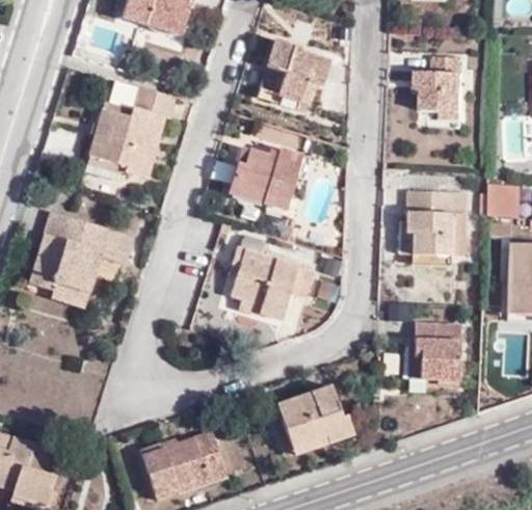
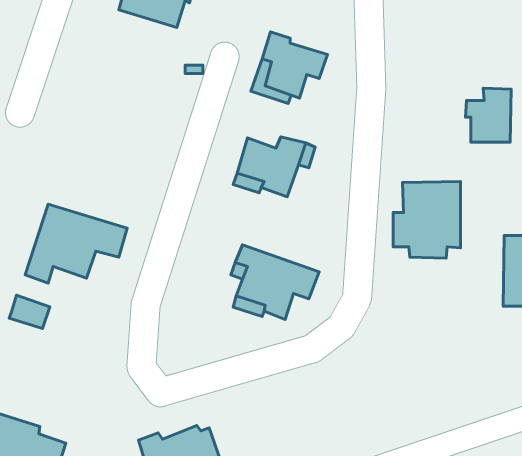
building: [417,65,462,119] -> [466,88,511,142]
building: [86,86,175,179] -> none
building: [483,180,516,216] -> none
building: [49,273,89,306] -> [9,295,50,328]
building: [402,324,460,380] -> none
building: [270,384,345,458] -> none

